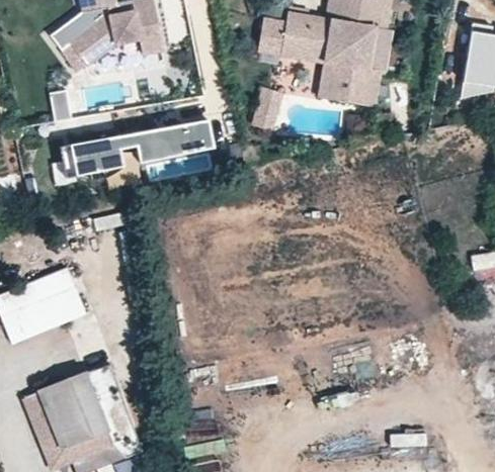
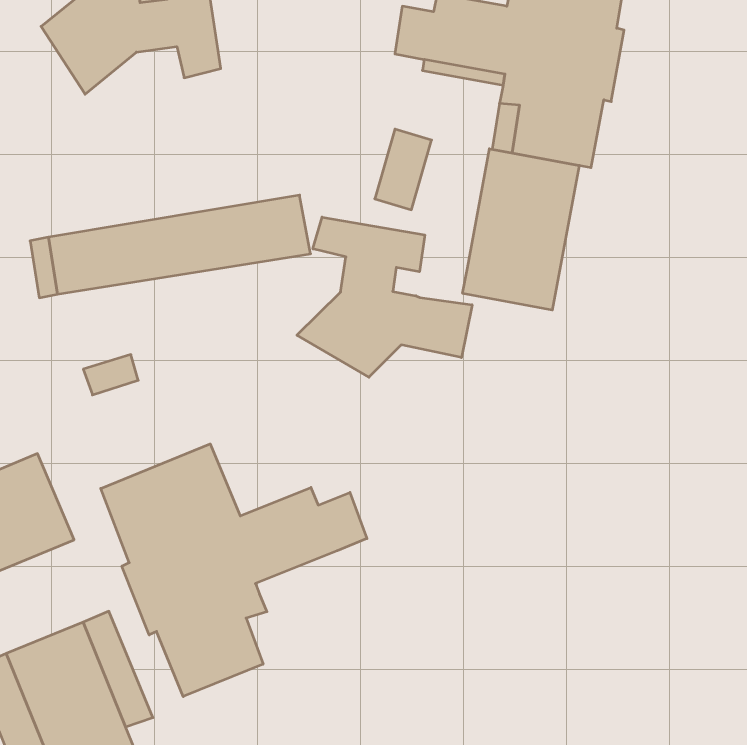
building: none -> [463,149,579,310]
building: none -> [297,217,472,377]
building: none -> [101,444,367,697]

